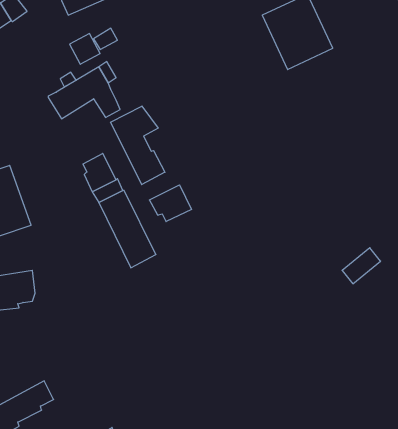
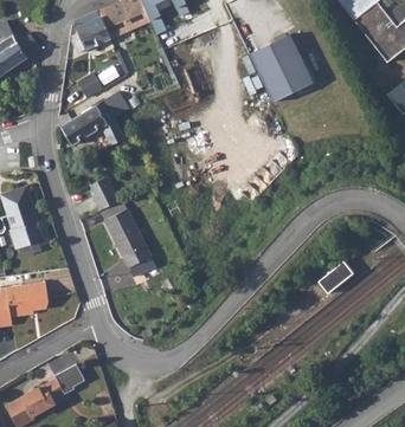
building: [111,106,165,185] -> none
building: [149,185,192,222] -> none
building: none -> [53,363,85,395]

